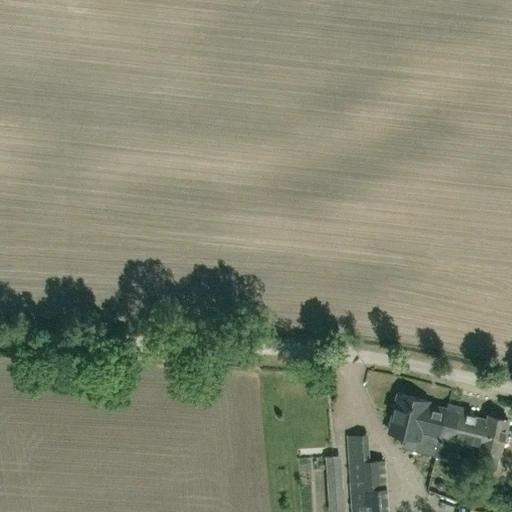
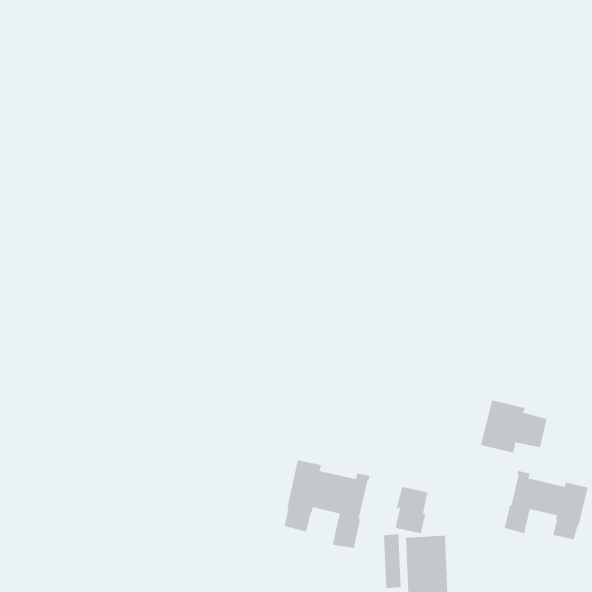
building: [388,394,446,440] -> [480,400,547,453]
building: none -> [284,460,370,549]

